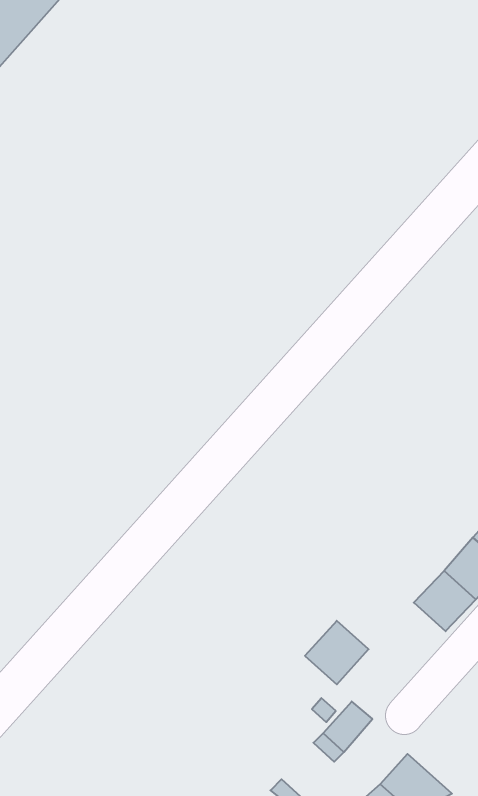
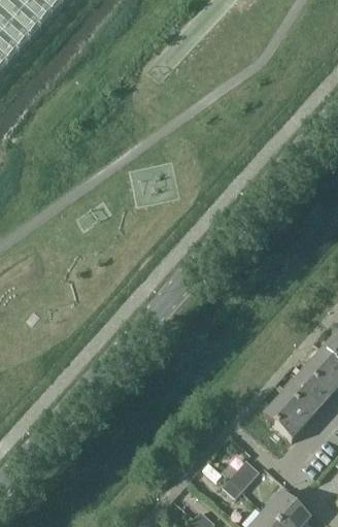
building: [305,621,369,684] -> [266,394,307,435]

